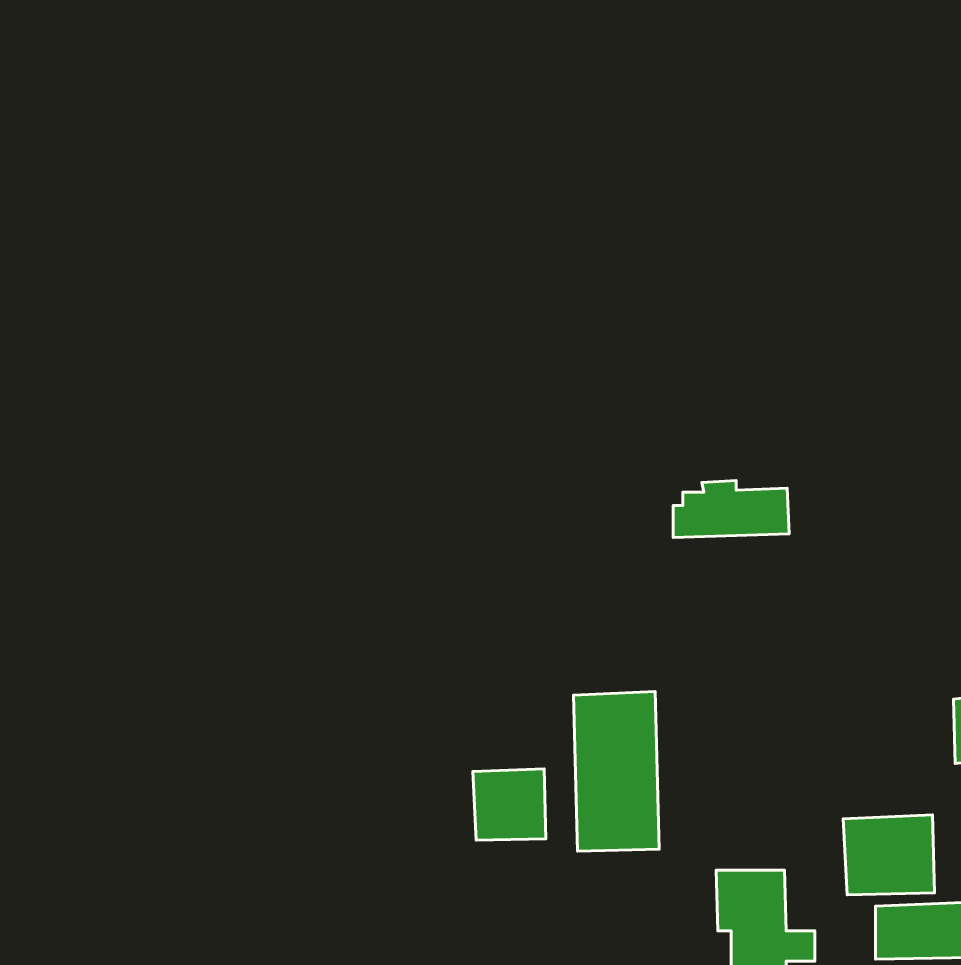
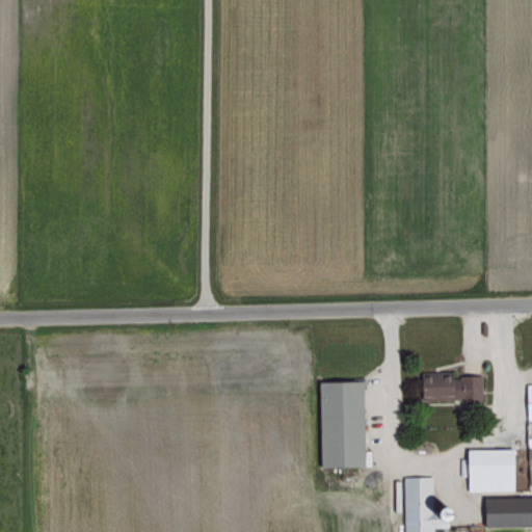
building: [673,481,789,538] -> [421,373,484,404]
building: [473,769,546,840] -> none

